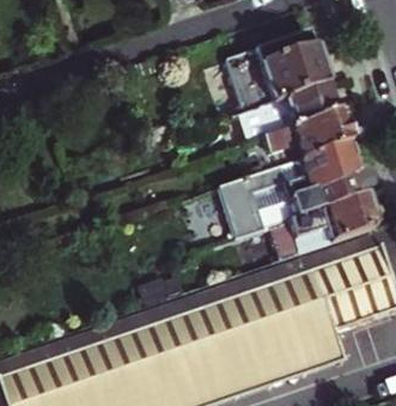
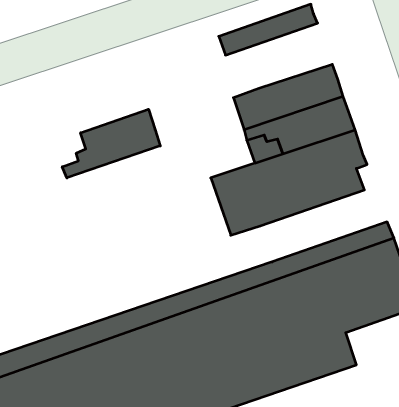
building: [233,54,329,113] -> none
building: none -> [62,109,160,178]
building: [264,201,378,268] -> none

